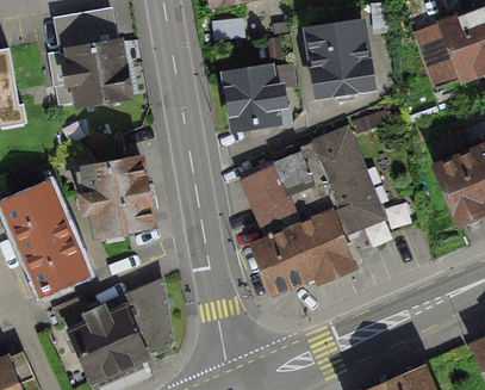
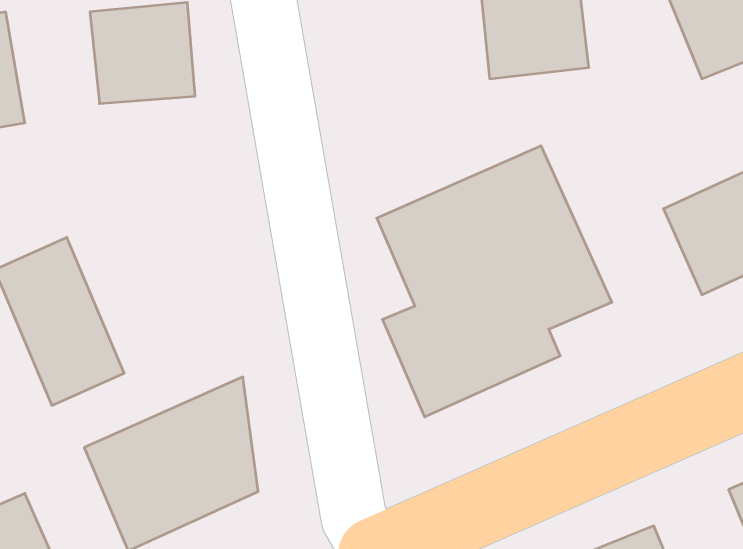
building: [219,63,276,130] -> none
building: [81,166,147,228] -> none

